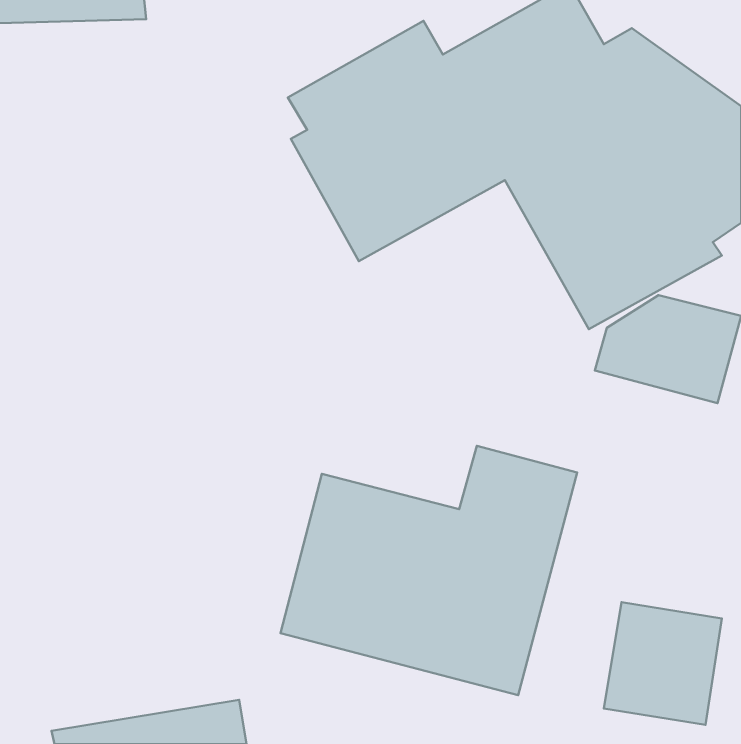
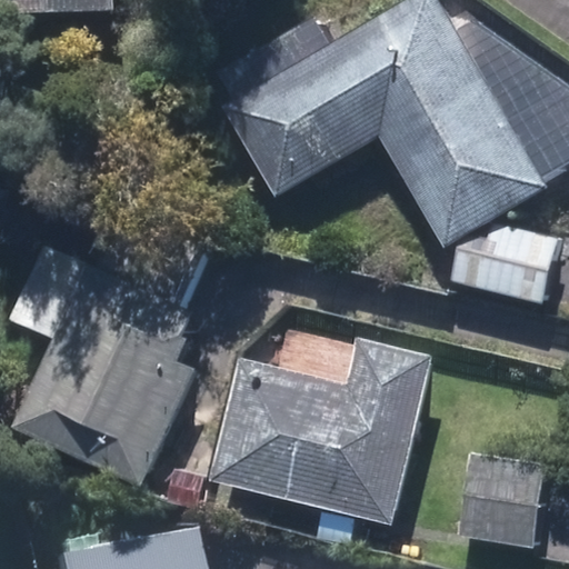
building: none -> [12,267,199,483]

